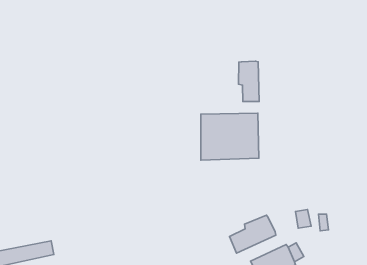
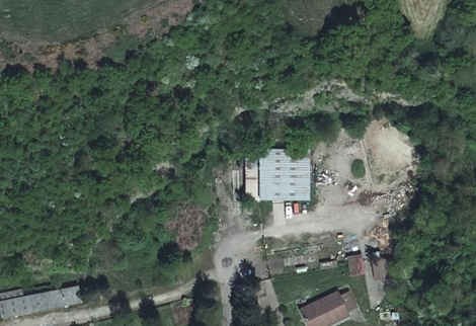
building: [238,61,259,102] -> none
building: [229,215,276,253] -> none

